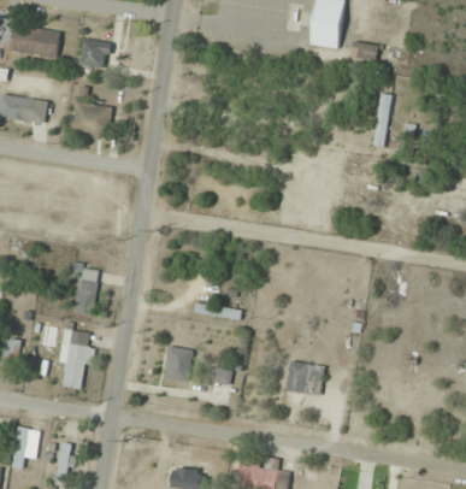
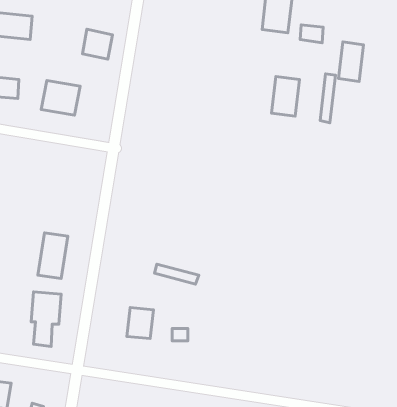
building: [78,36,111,69] -> [82,29,112,59]
building: none -> [339,42,364,82]
building: none -> [271,76,299,116]
building: [285,363,324,395] -> none

